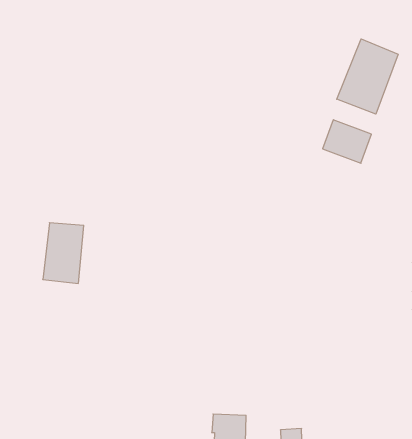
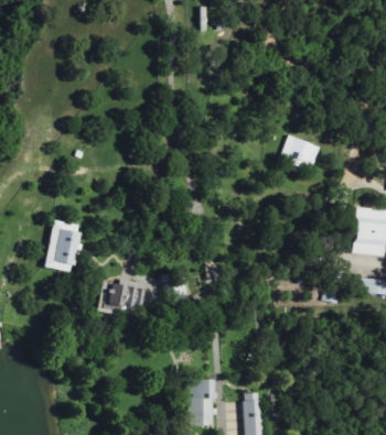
building: [337,39,398,114] -> none
building: none -> [98,279,144,313]

